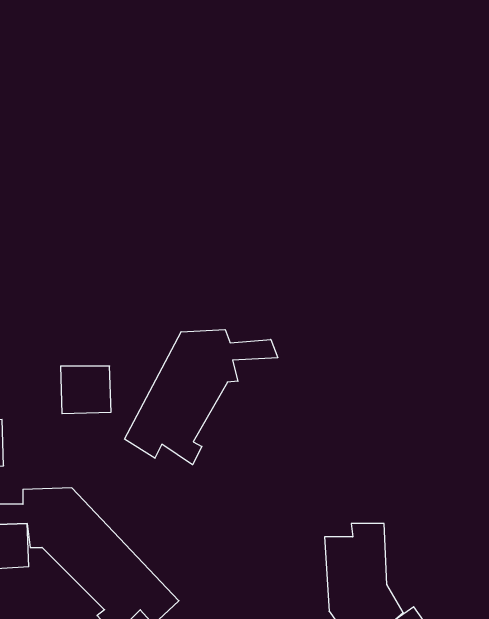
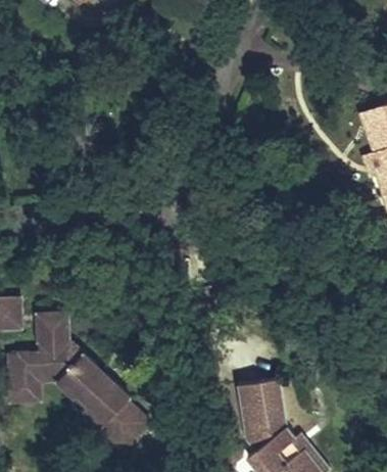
building: [125,330,278,465] -> none
building: [61,366,111,414] -> [37,314,71,346]

